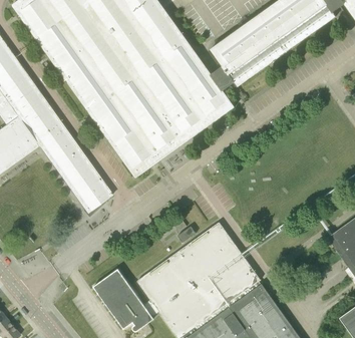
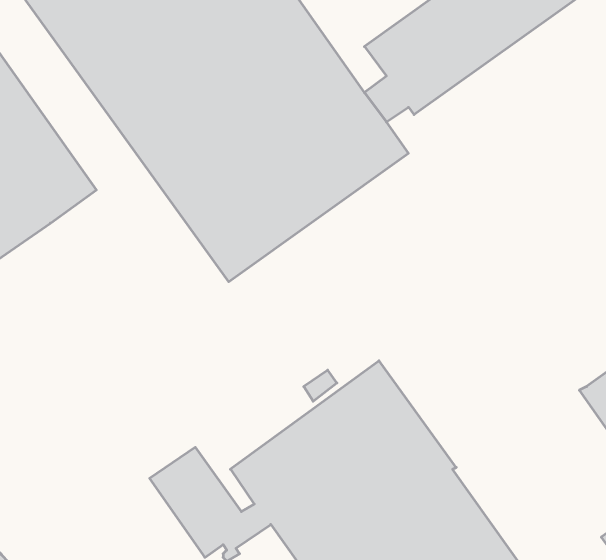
building: [39,127,112,213] -> none

